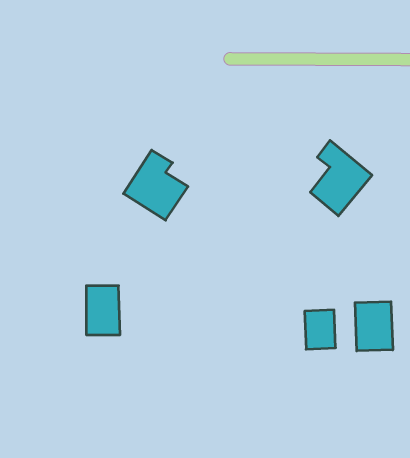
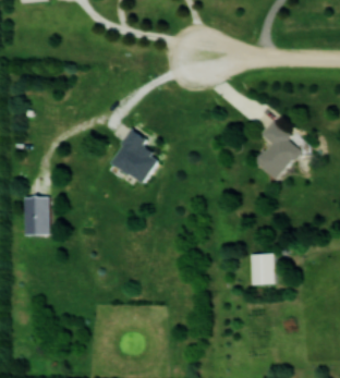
building: [86,286,120,335] -> [24,197,50,235]
building: [355,302,393,351] -> none

